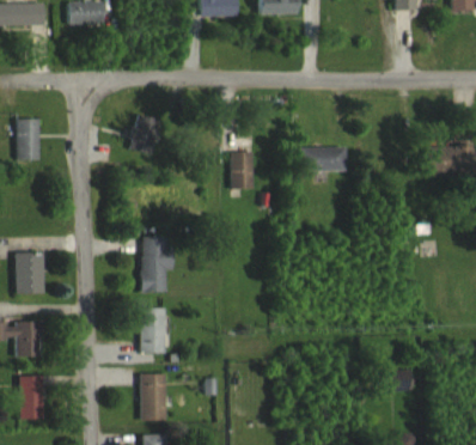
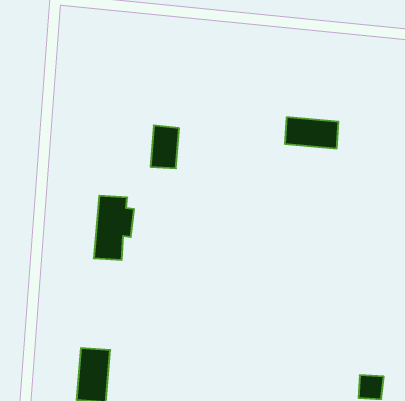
building: [129,114,161,154] -> none
building: [231,152,255,189] -> [151,125,179,168]
building: [140,307,166,353] -> none

